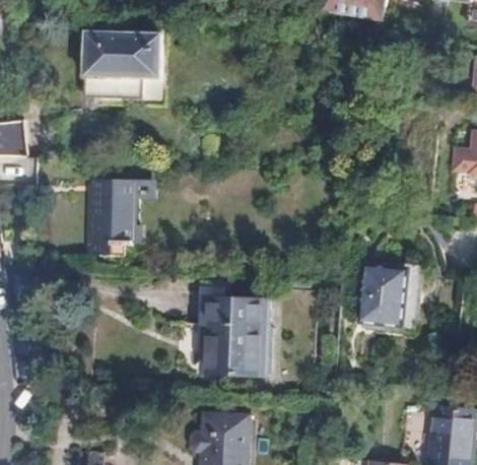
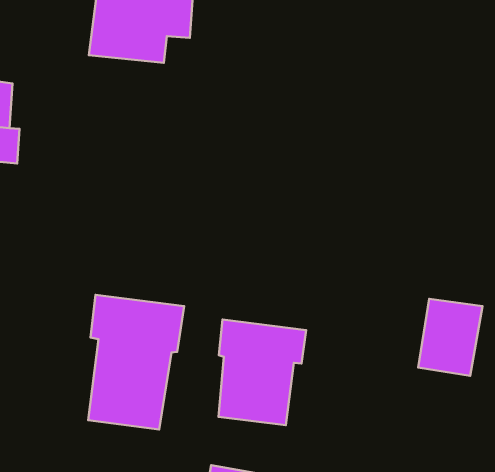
building: [91,179,133,246] -> none
building: none -> [88,295,184,430]

